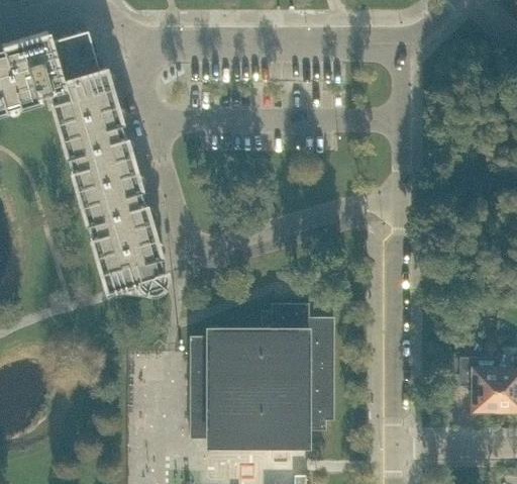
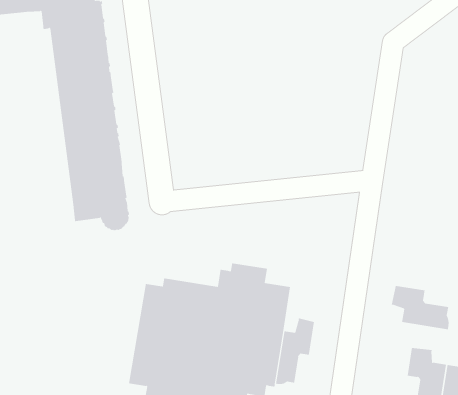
building: none -> [391,285,449,330]
building: none -> [275,318,314,385]

